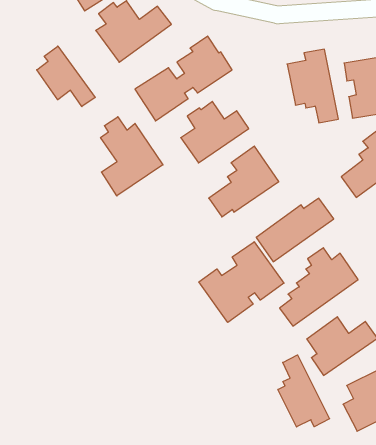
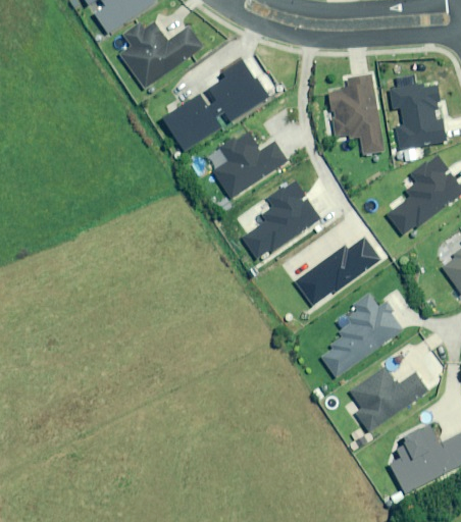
building: [37,46,95,107] -> none
building: [101,117,163,196] -> none
building: [199,242,284,322] -> none
building: [278,355,330,427] -> none

